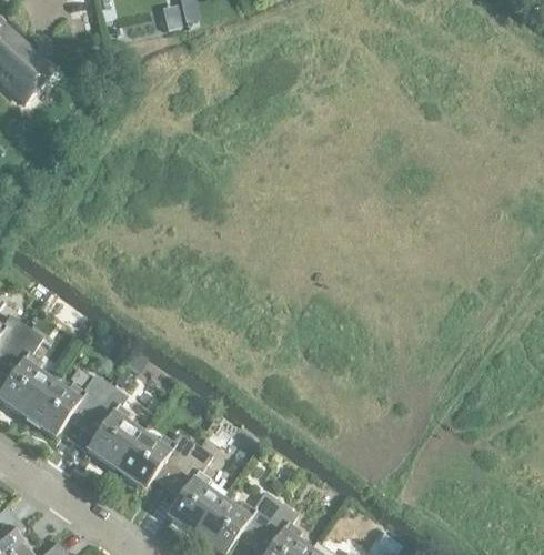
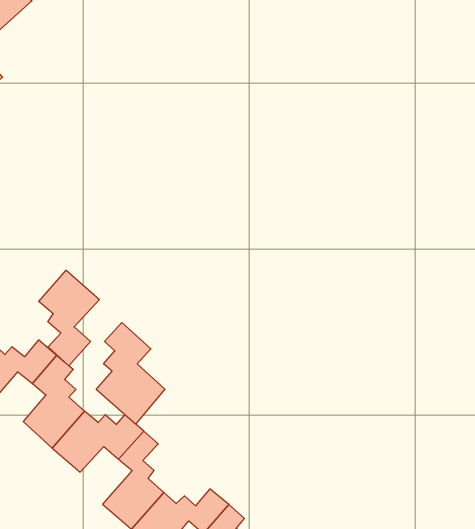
building: none -> [39,270,99,366]
building: none -> [96,323,165,424]

